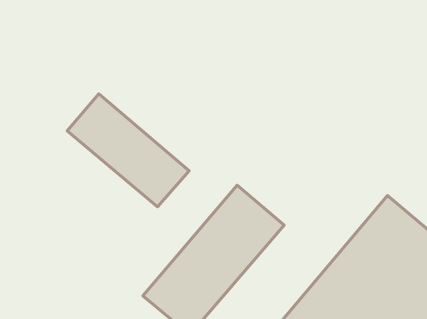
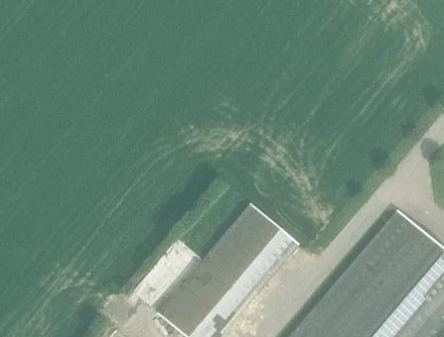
building: [67,94,189,207] -> none

